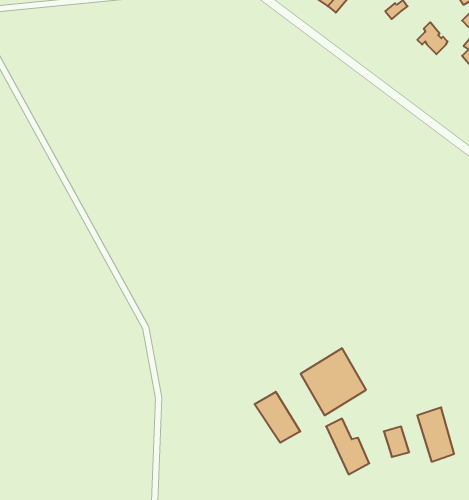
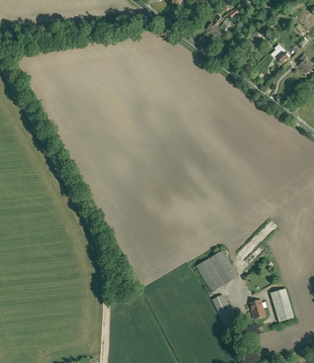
building: [255,392,300,443] -> none

